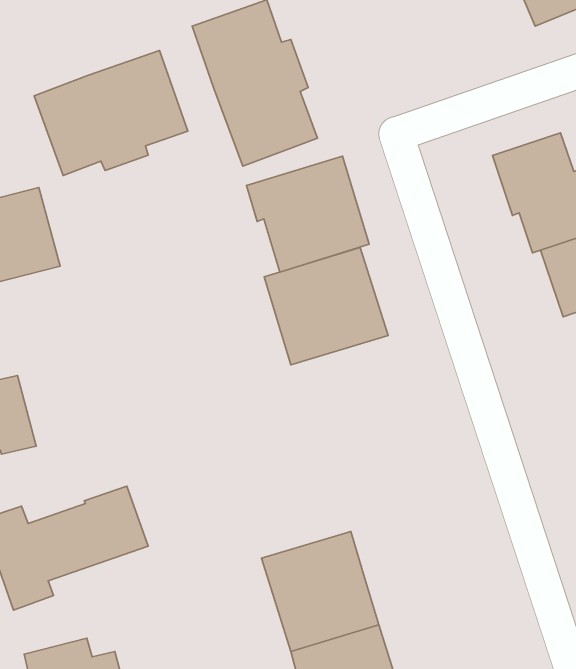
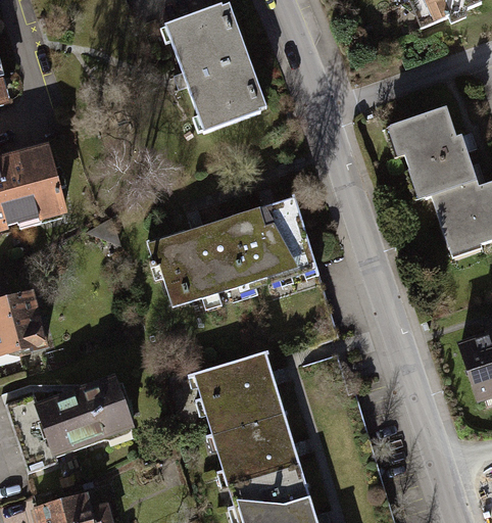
building: [34,51,188,176] -> none
building: [247,156,369,272] -> [146,219,240,307]
building: none -> [199,351,286,434]

